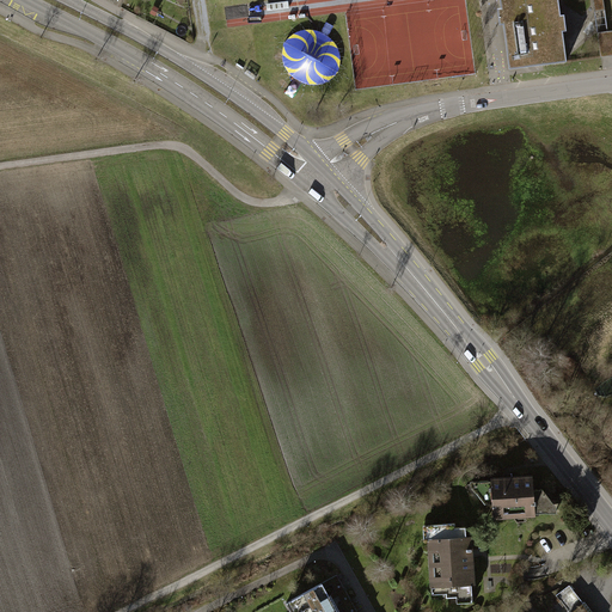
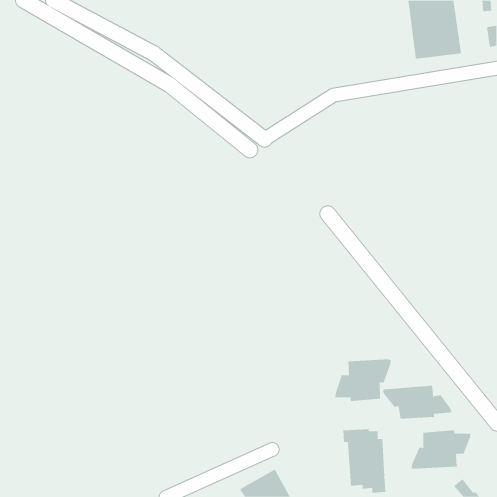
building: none -> [335,359,391,402]
building: none -> [411,430,471,470]

